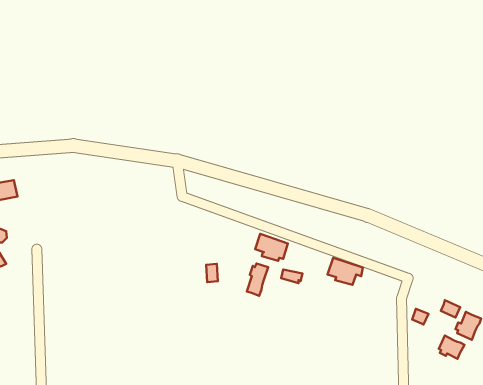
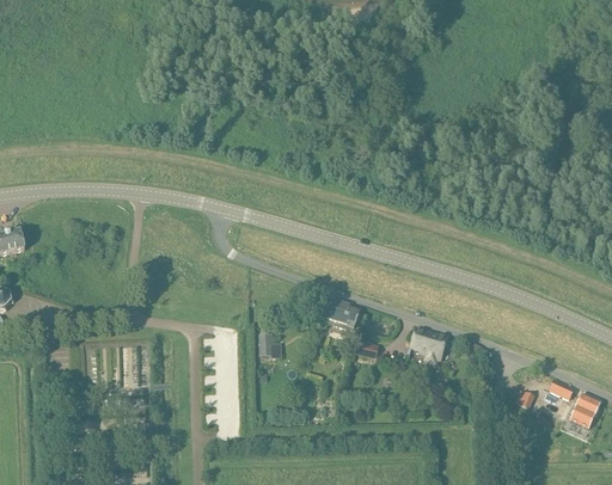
building: [247,263,268,296] -> none
building: [439,336,465,359] -> none

